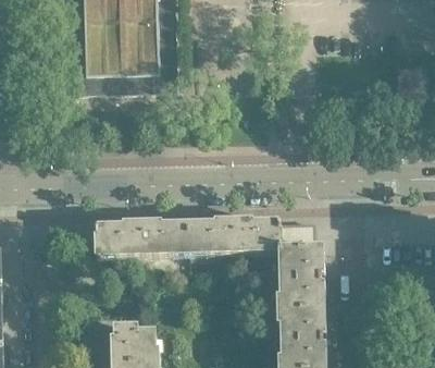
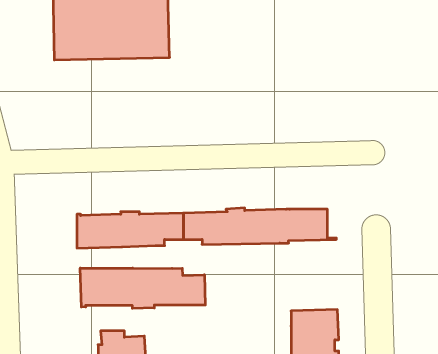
building: [278,244,321,306] -> none
building: none -> [80,268,205,308]

